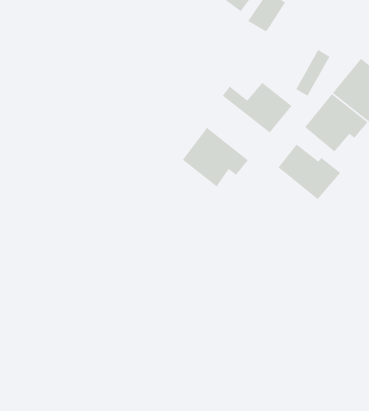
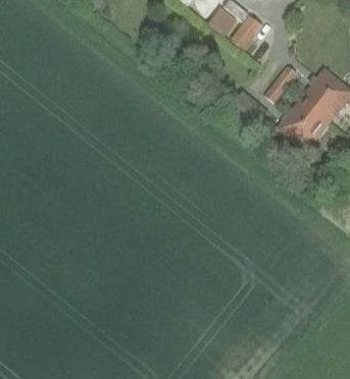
building: [182,127,249,187] -> none
building: [277,143,341,200] -> none

